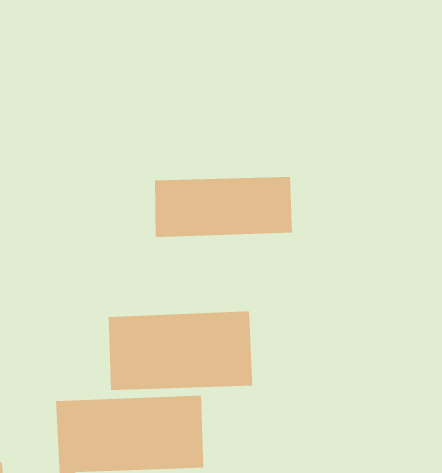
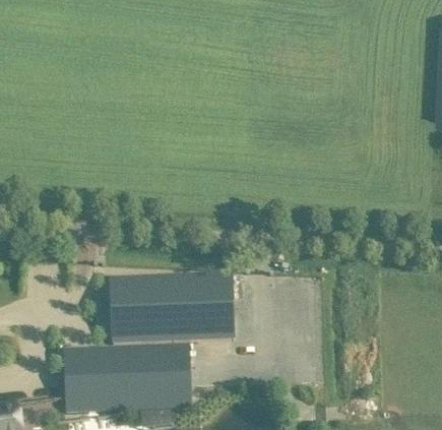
building: [154,176,292,238] -> none

